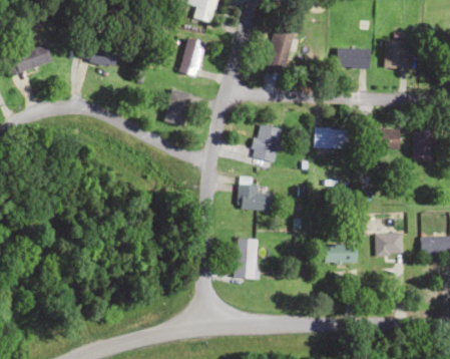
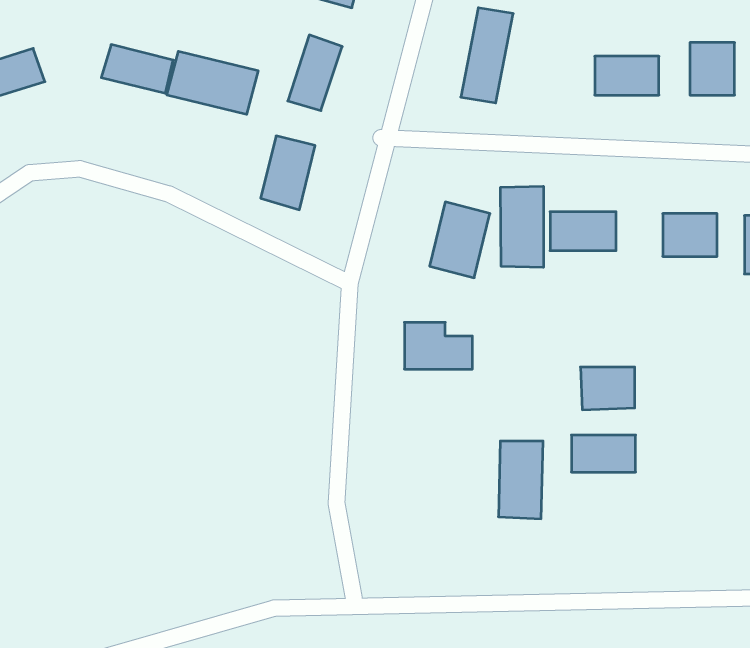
building: none -> [167,51,258,114]
building: none -> [501,186,543,267]
building: [375,234,403,256] -> [580,367,635,410]
building: [236,239,259,279] -> [498,441,543,519]

